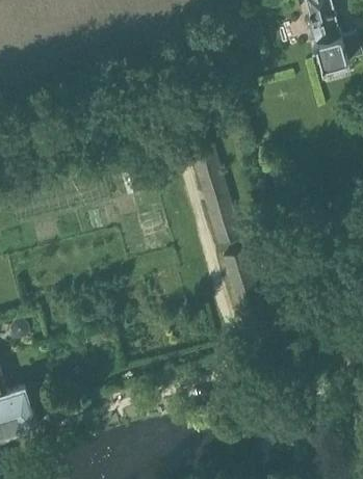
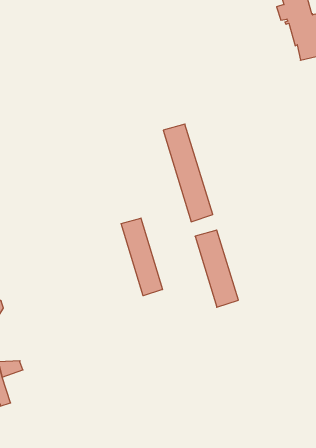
building: none -> [121,218,162,296]

